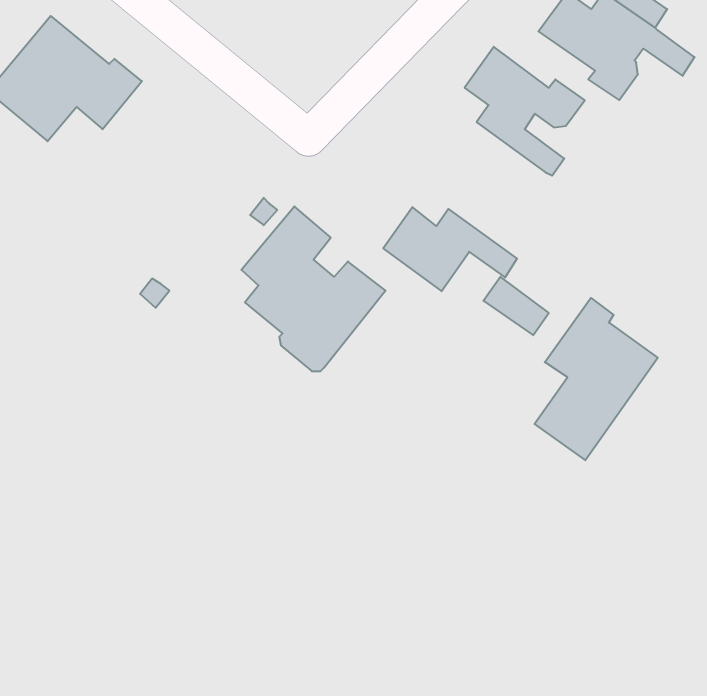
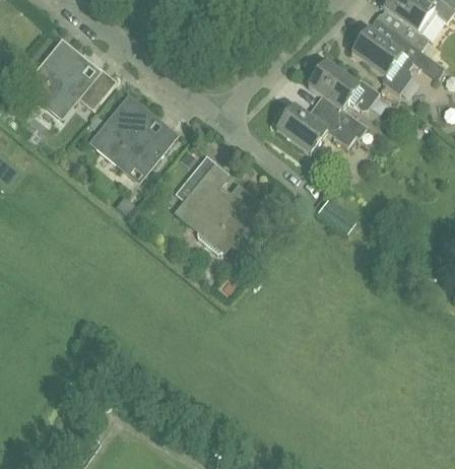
building: none -> [91,96,175,172]
building: [383,207,517,291] -> [275,104,354,153]
building: [535,298,658,460] -> none

